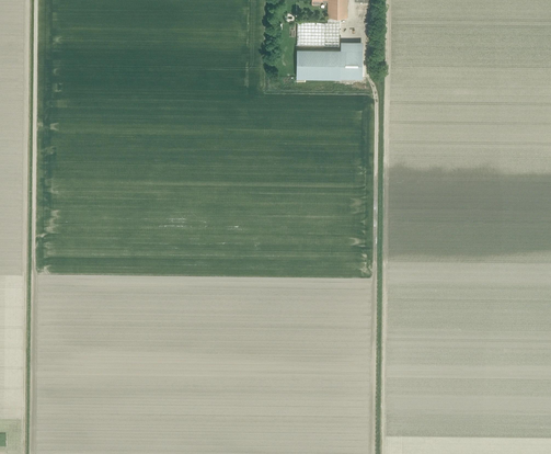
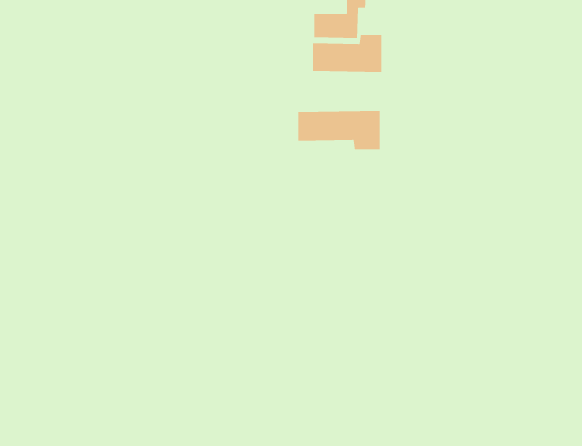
building: none -> [298,110,381,150]

